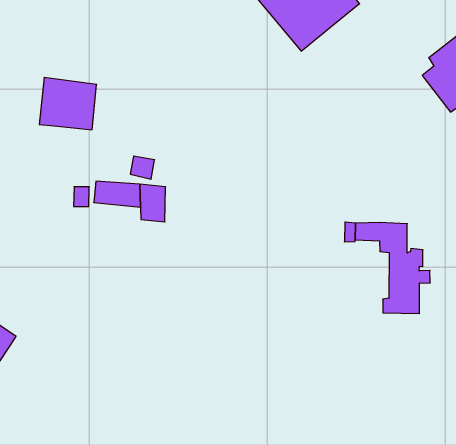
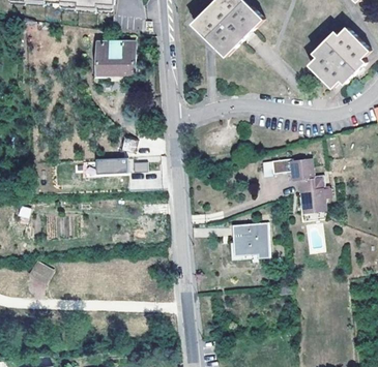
building: [39,78,97,130] -> [97,39,134,71]
building: none -> [232,221,268,258]

